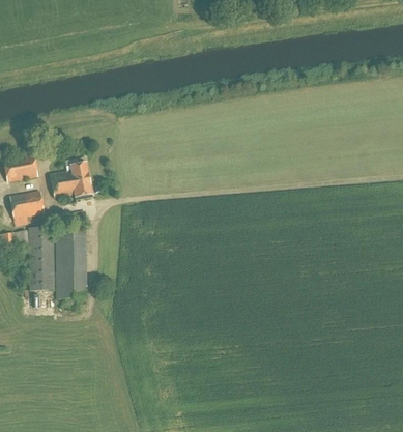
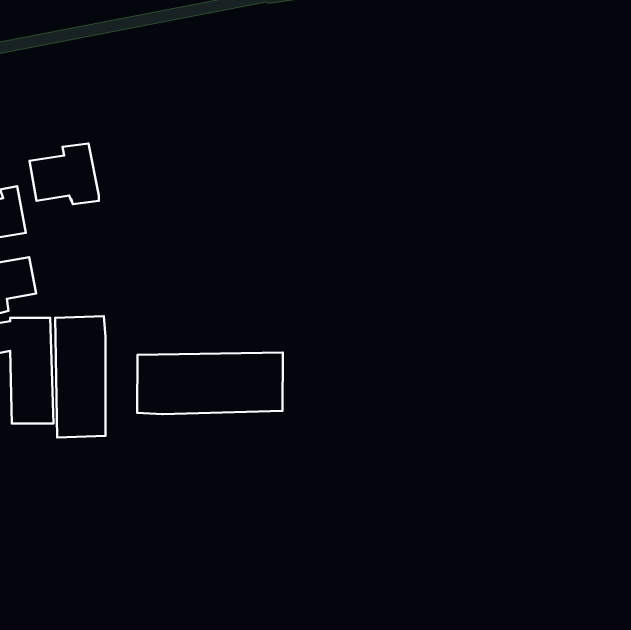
building: [50,163,91,199] -> [29,143,99,204]
building: none -> [137,353,283,414]

